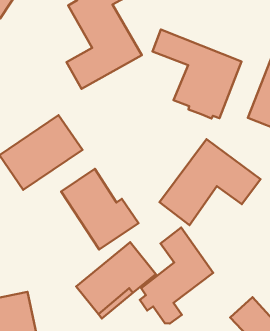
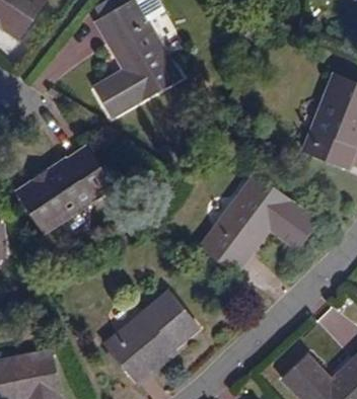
building: [152,30,241,118] -> none
building: [61,169,138,250] -> none
building: [140,228,213,324] -> none

